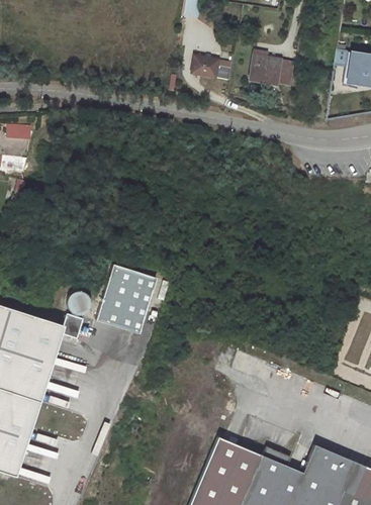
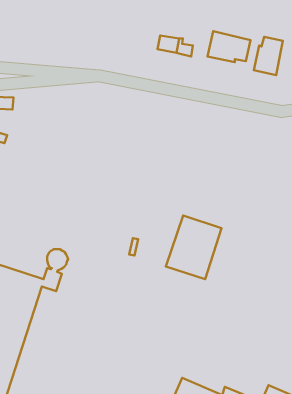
building: none -> [254,37,283,75]
building: [97,266,159,336] -> [166,215,221,279]

